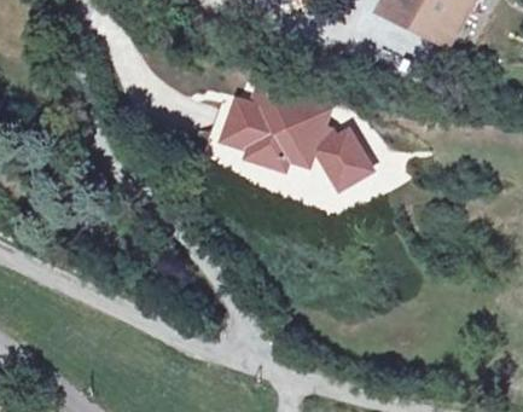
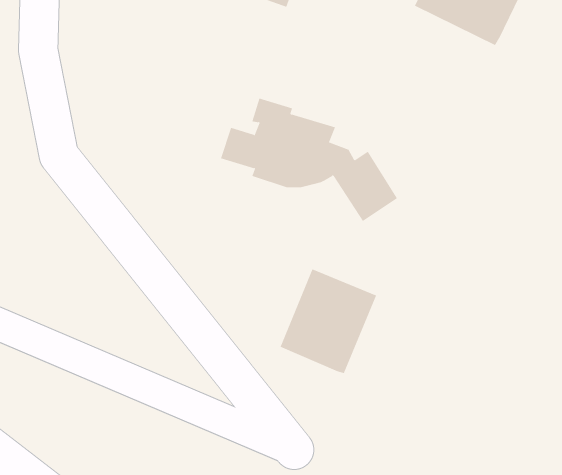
building: none -> [280,269,377,374]

